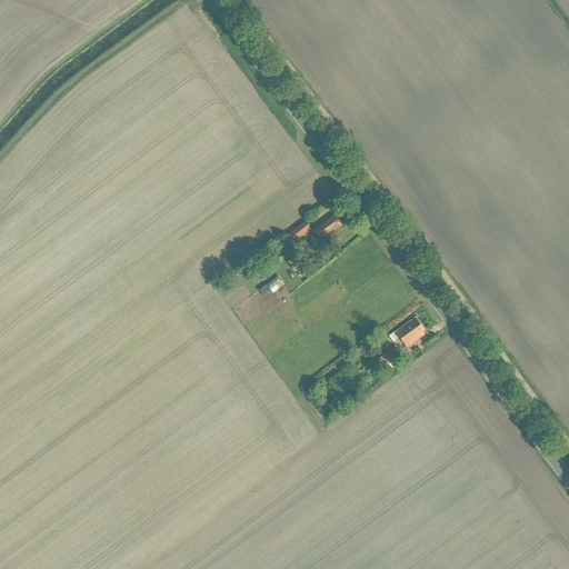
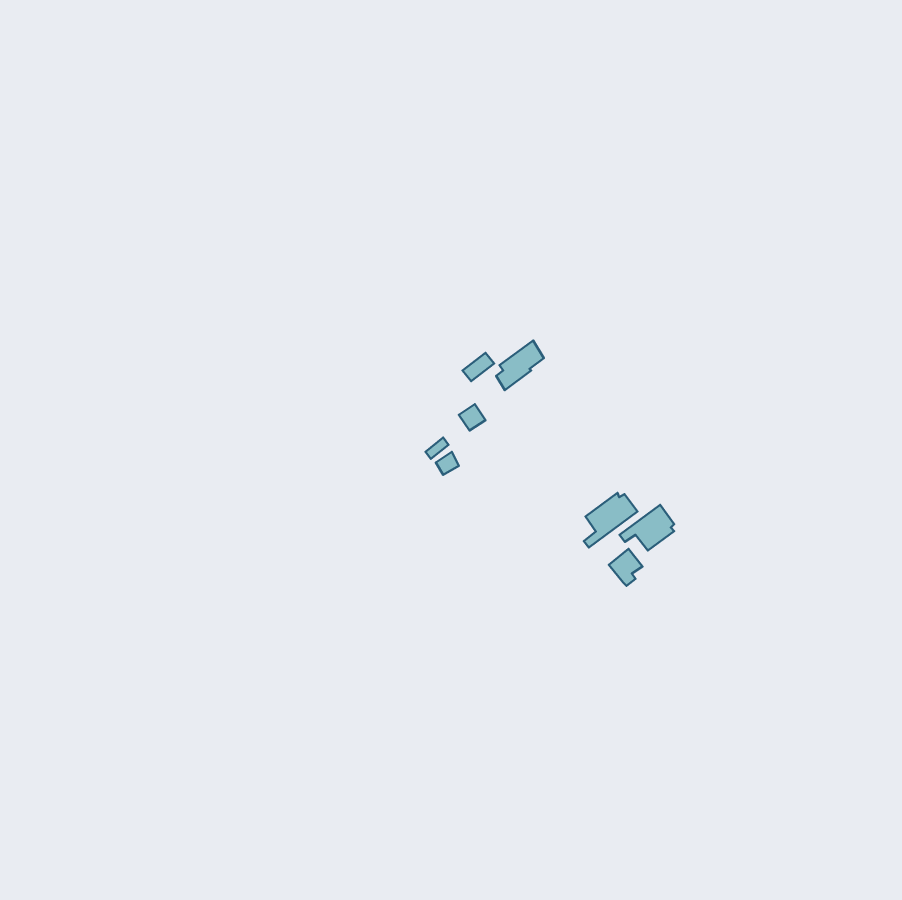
building: none -> [584,493,638,548]

